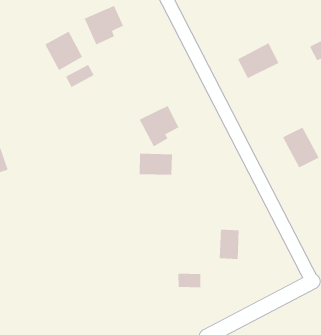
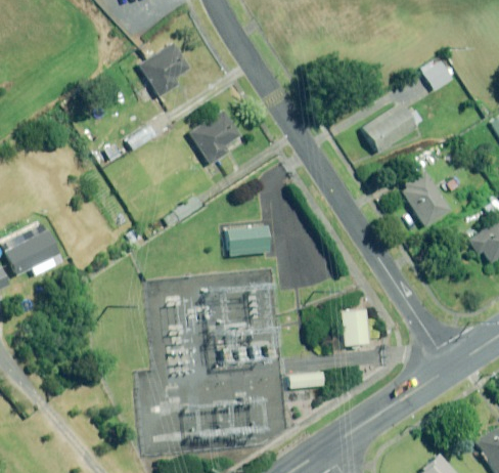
building: [45,31,83,71] -> none
building: [237,43,279,79] -> [362,103,415,152]
building: [139,105,179,147] -> [189,111,240,165]

